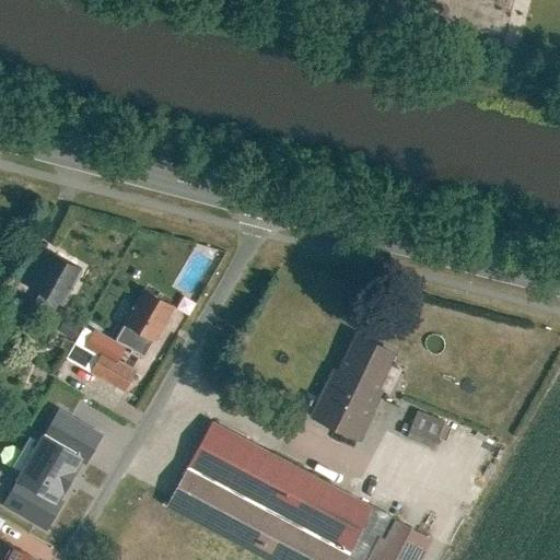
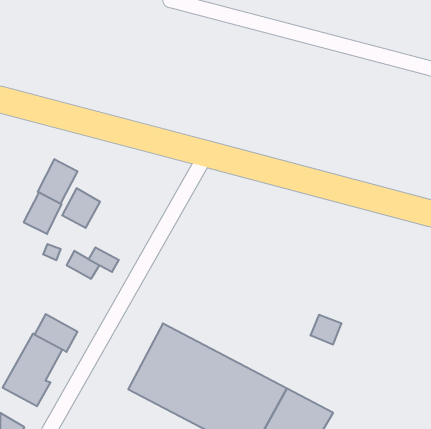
building: none -> [38,159,77,204]
building: [124,289,173,340] -> [62,188,100,228]
building: [311,334,396,440] -> none
building: [91,354,137,393] -> none

